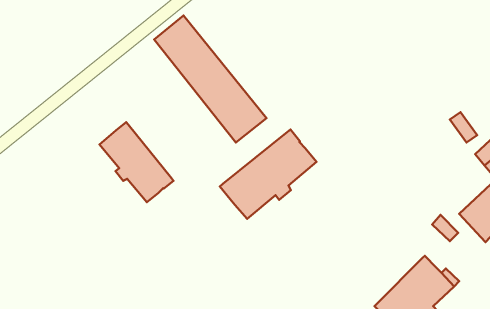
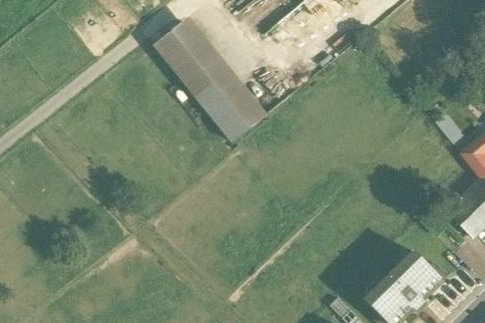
building: [100,122,174,202] -> none
building: [220,129,317,219] -> none

